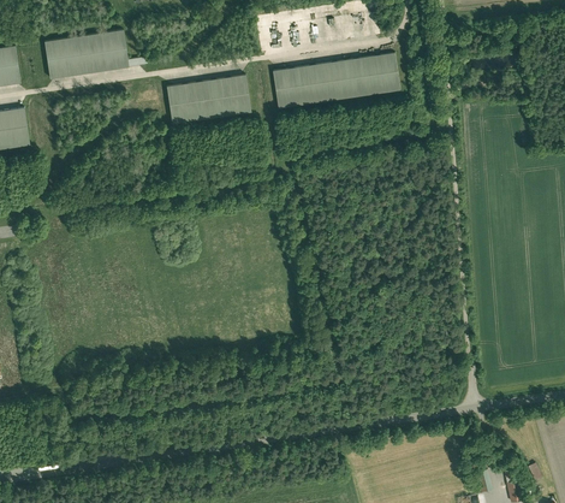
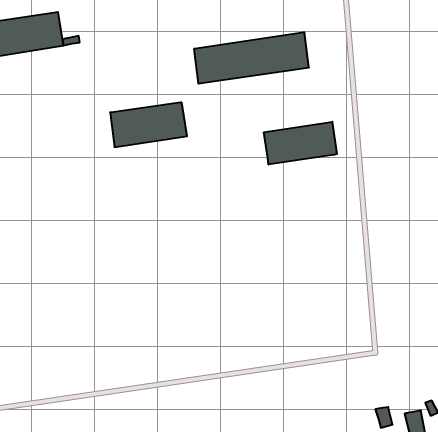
building: [166,75,251,124] -> [110,103,187,147]
building: none -> [264,122,337,165]

